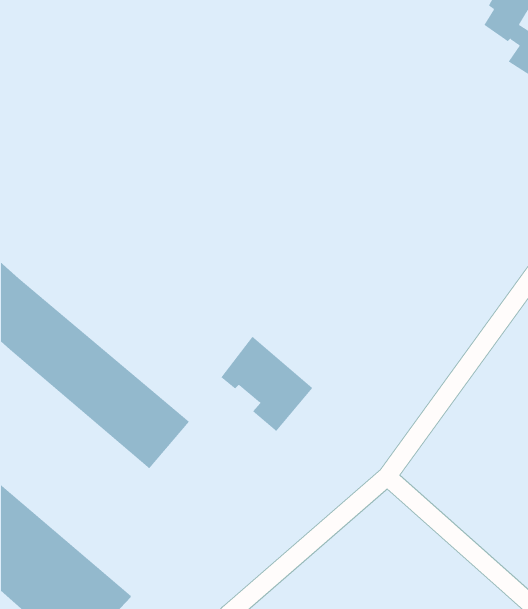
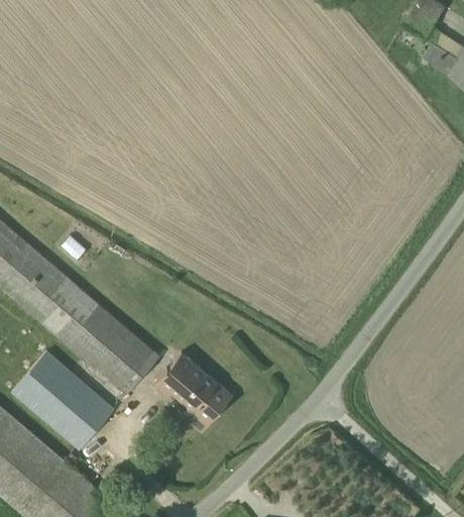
building: [221,336,313,432] -> [155,352,232,432]
building: none -> [11,352,115,450]

